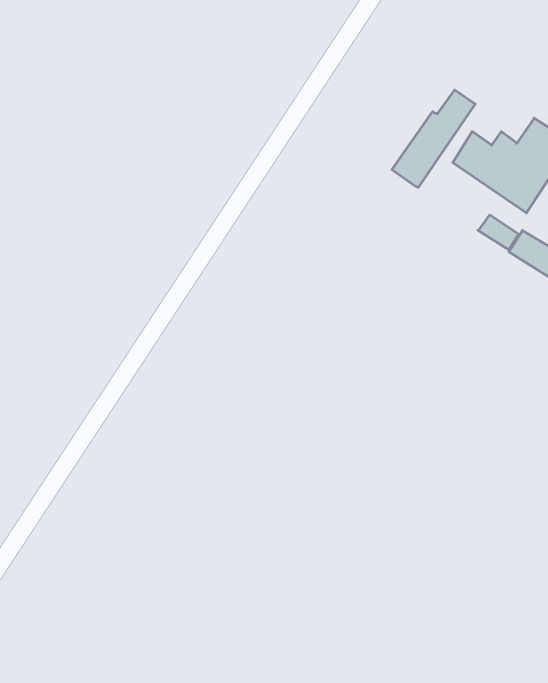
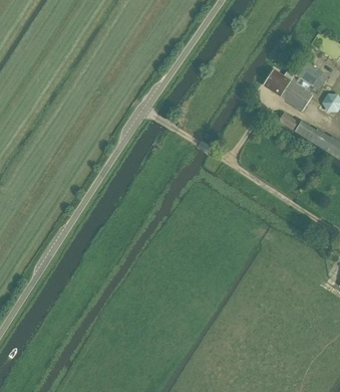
building: [392,90,475,187] -> none

